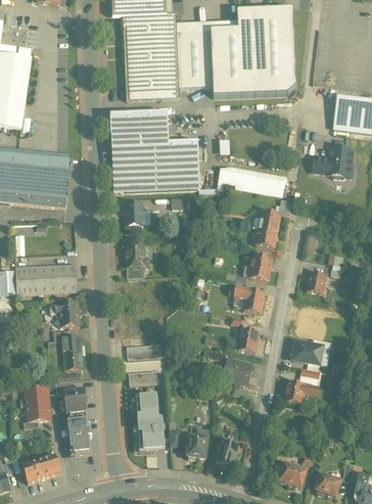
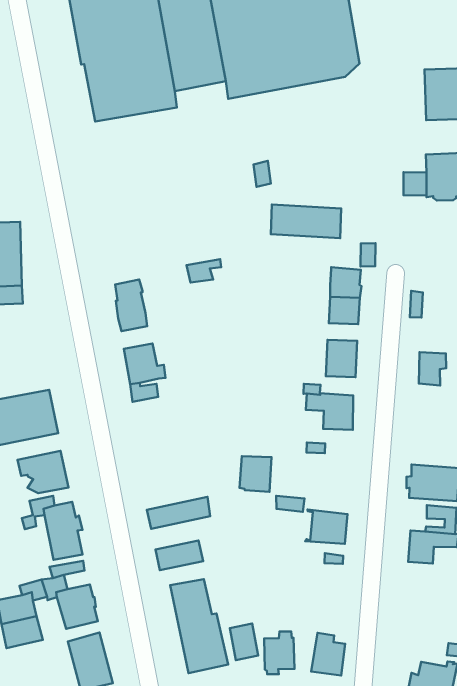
building: [110,113,200,192] -> none
building: [235,328,258,353] -> [239,456,272,492]

